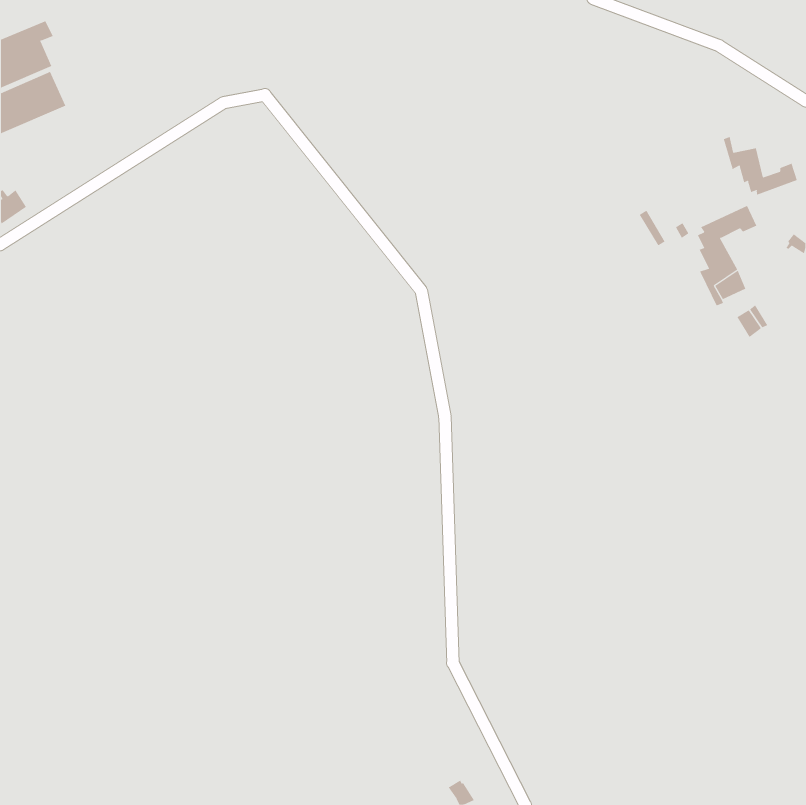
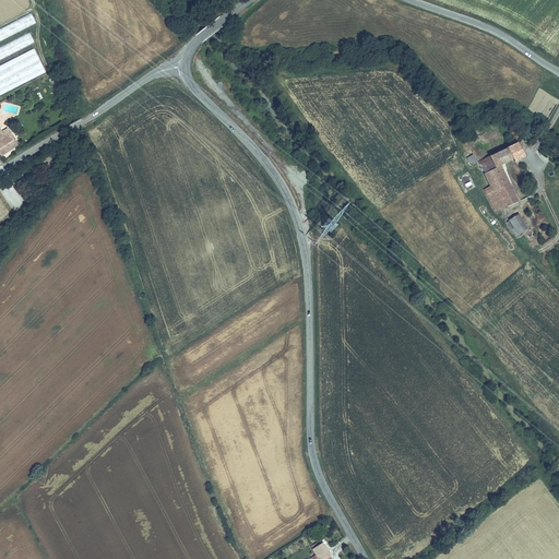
building: [723,136,797,196] -> none

